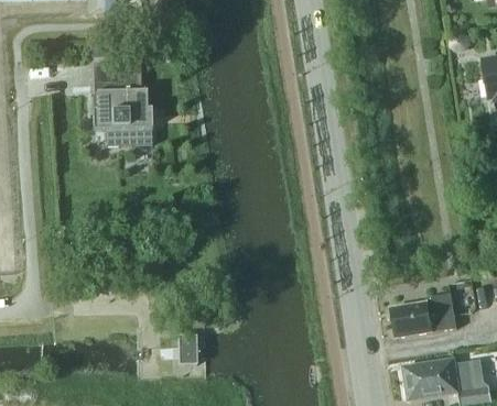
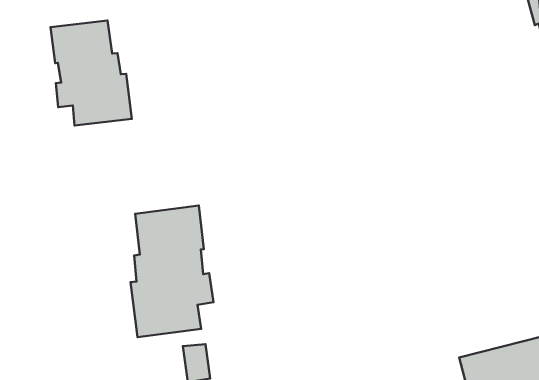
building: none -> [131,205,214,337]
building: [390,292,456,336] -> none

